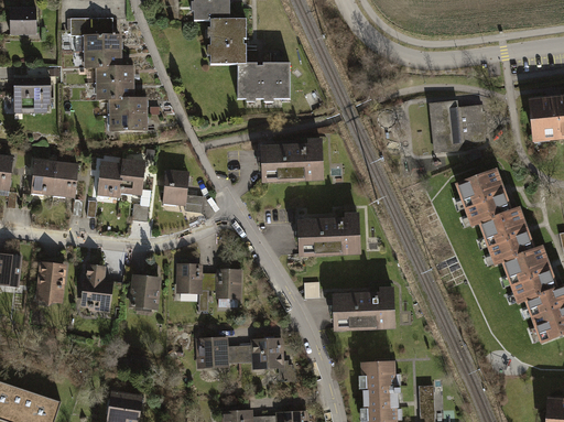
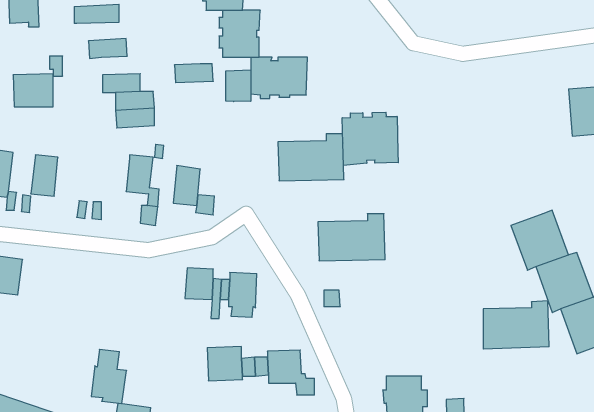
building: [73,32,119,50] -> none
building: [96,64,132,82] -> [174,64,213,83]
building: none -> [226,70,251,102]
building: [430,99,486,151] -> none
building: none -> [342,112,398,165]
building: [52,159,77,197] -> none
building: [97,159,122,197] -> none
building: [455,169,509,226] -> none
building: [35,257,67,304] -> none
building: [80,261,113,312] -> [91,349,127,404]
building: [128,272,161,311] -> none
building: [334,285,395,331] -> [483,301,549,349]

